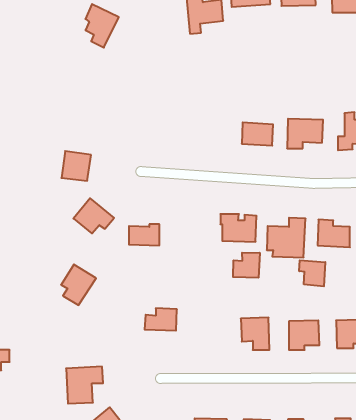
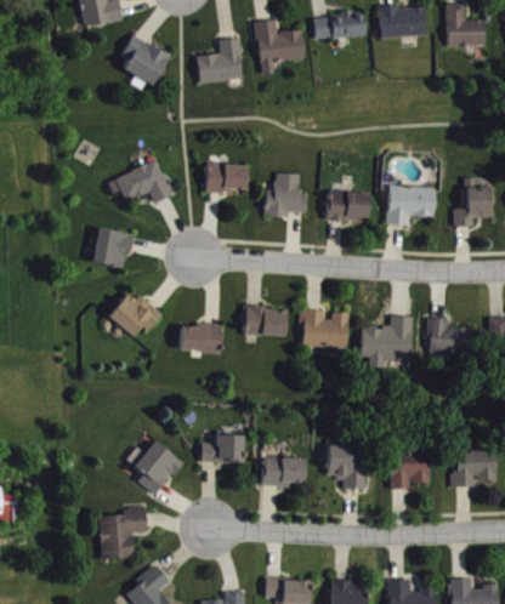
building: none -> [197,38,242,82]
building: none -> [114,160,171,203]
building: none -> [205,164,246,192]
building: none -> [266,173,306,216]
building: none -> [244,308,285,336]
building: [233,253,260,278] -> none
building: [299,260,325,286] -> none
building: [61,264,96,305] -> [134,441,180,495]
building: none -> [262,457,303,486]

